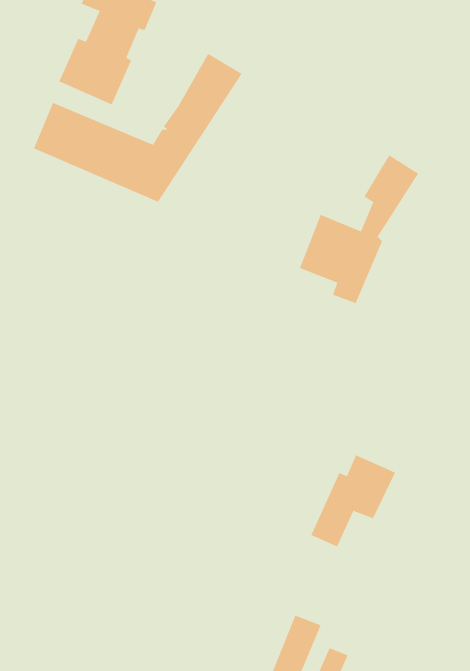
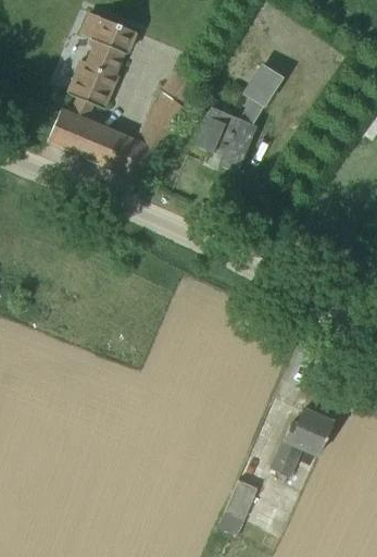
building: [299,155,419,304] -> [194,63,281,172]
building: [311,455,396,547] -> [271,409,332,476]

